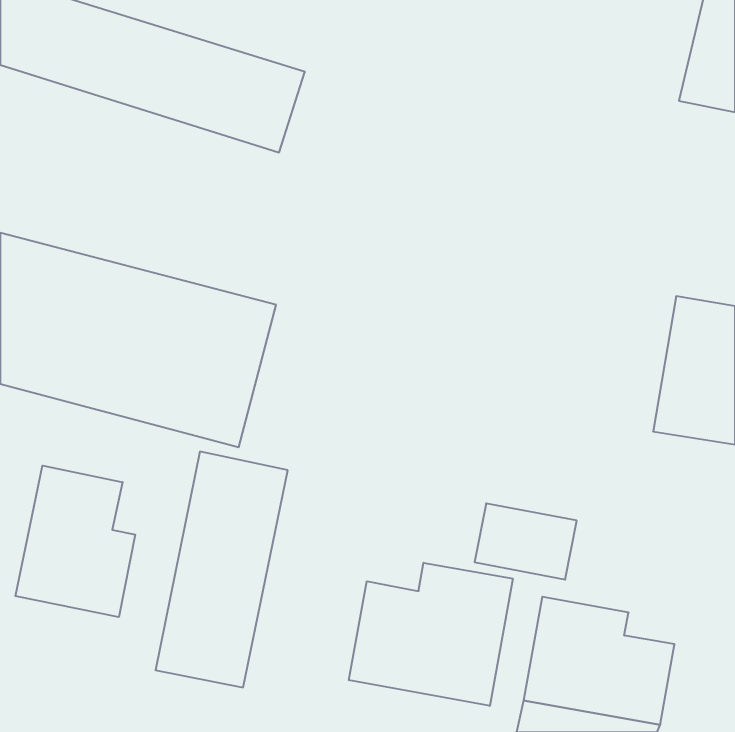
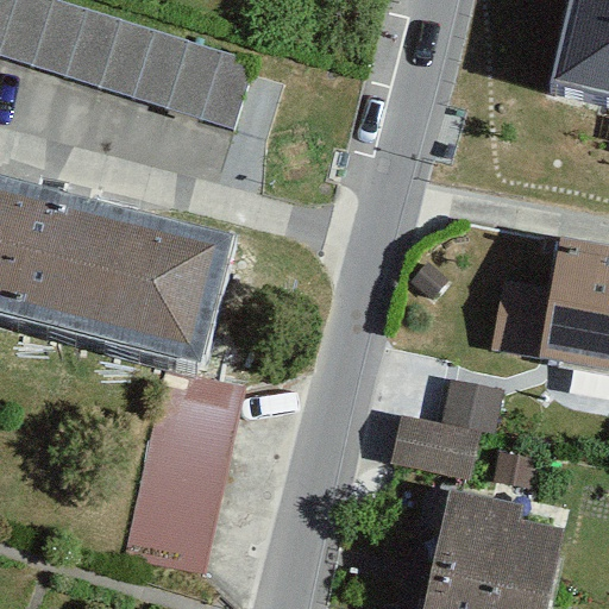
building: [15,466,135,617] -> none
building: [349,563,513,706] -> none

